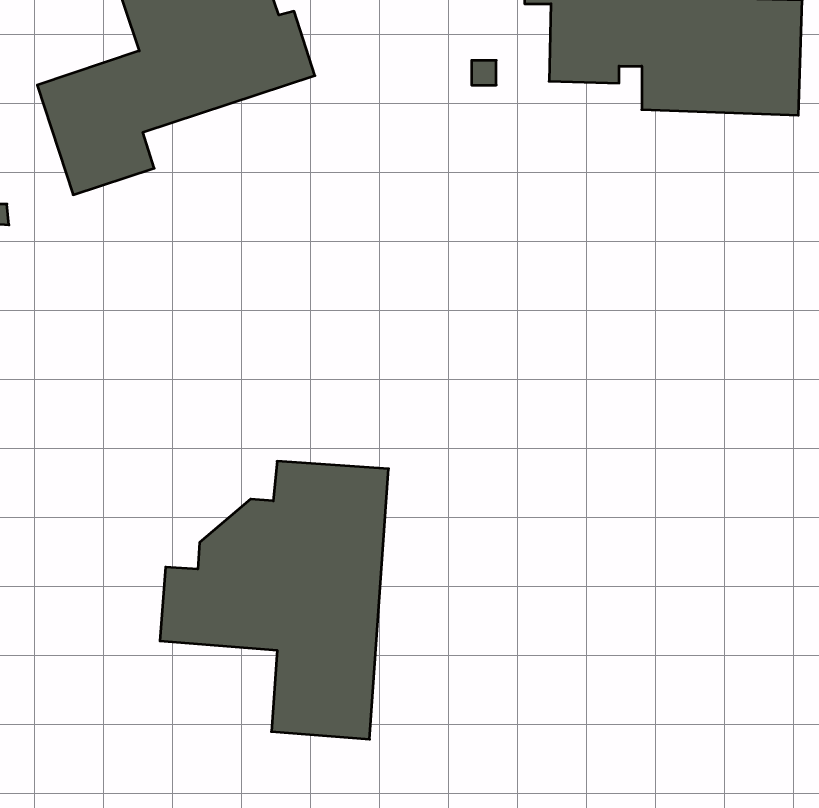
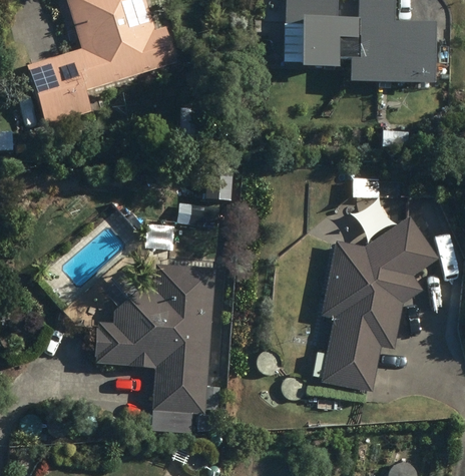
building: none -> [321,217,436,391]

